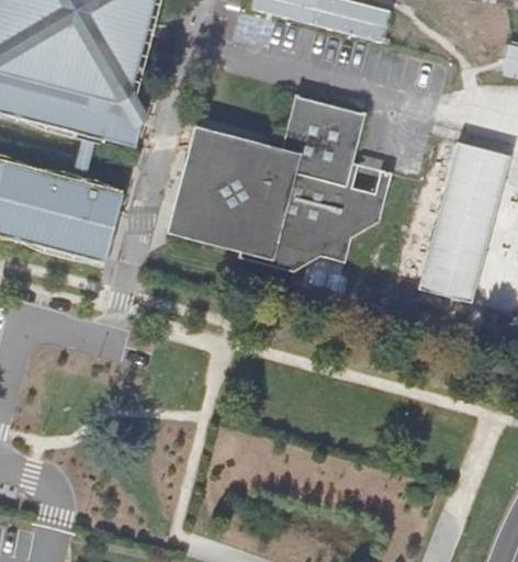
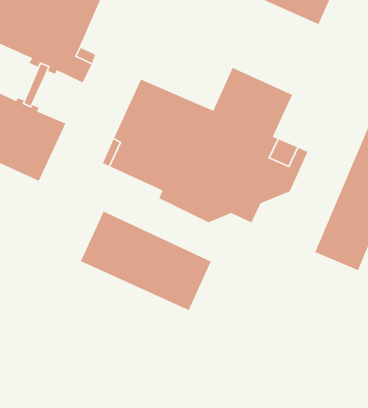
building: none -> [80,211,212,311]

